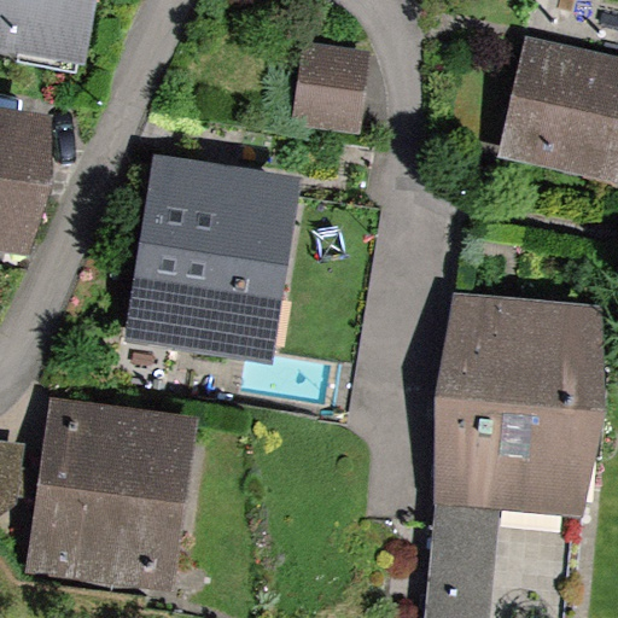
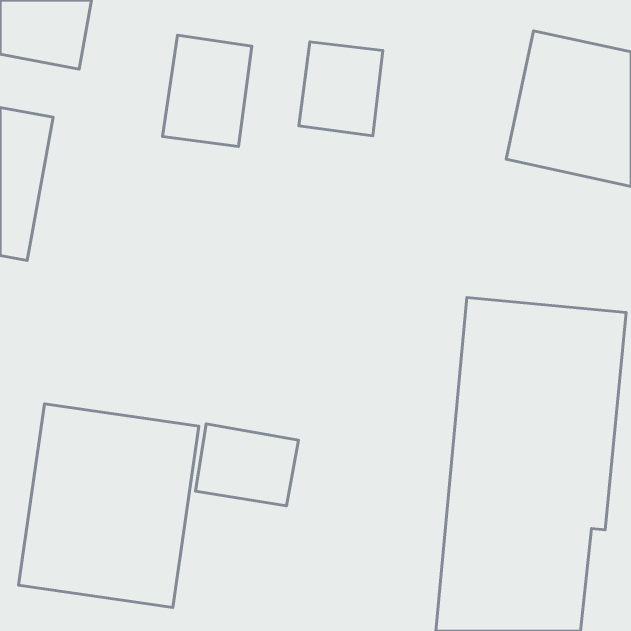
building: none -> [163,35,252,146]
building: [118,156,302,367] -> none
building: none -> [195,424,298,506]

